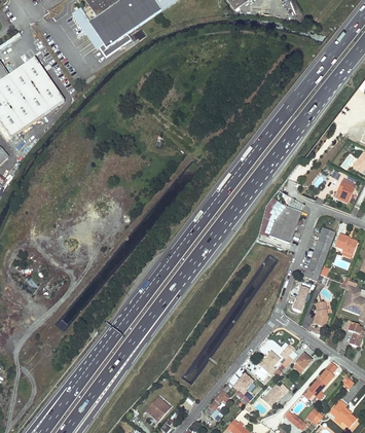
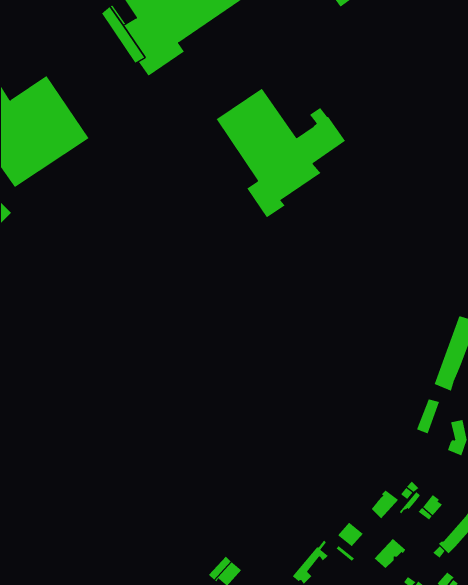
building: none -> [216,88,346,218]
building: [269,207,299,242] -> none

